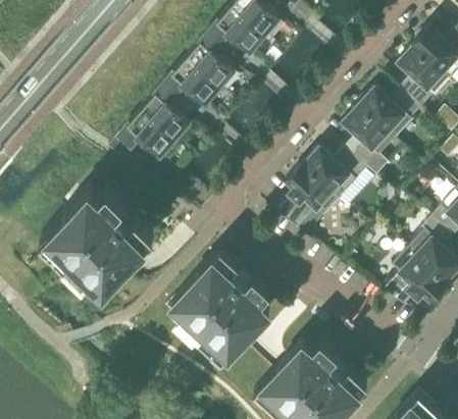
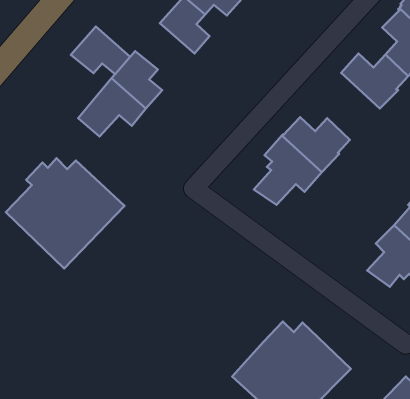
building: [162,62,218,107] -> [71,27,130,74]
building: [341,109,394,172] -> none
building: [164,253,268,365] -> none

